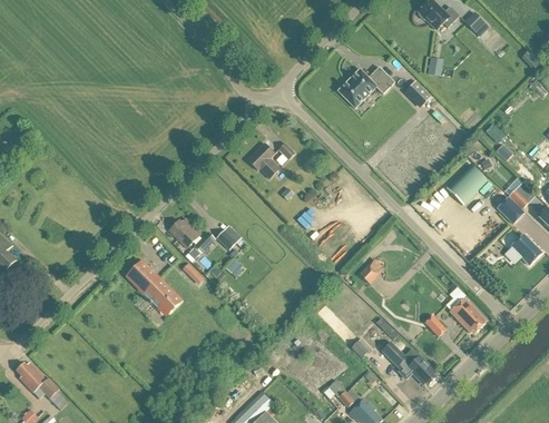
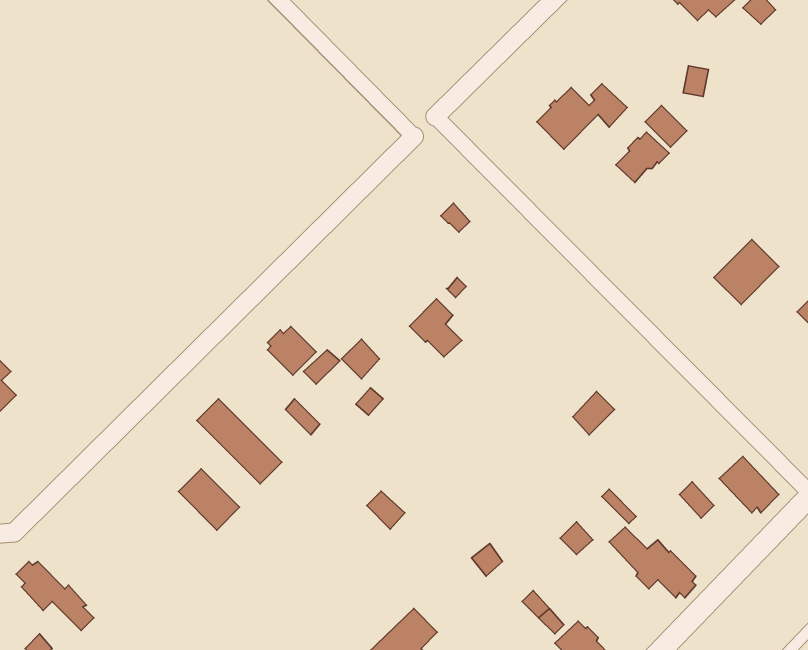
building: none -> [616,132,669,182]
building: [248,142,281,178] -> [409,299,462,357]
building: none -> [178,469,240,530]

